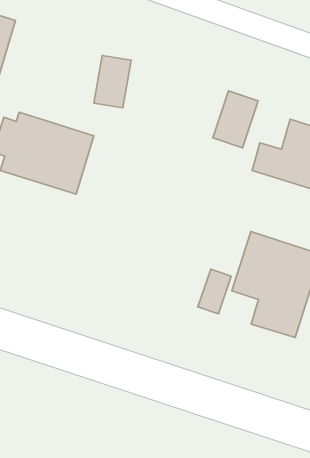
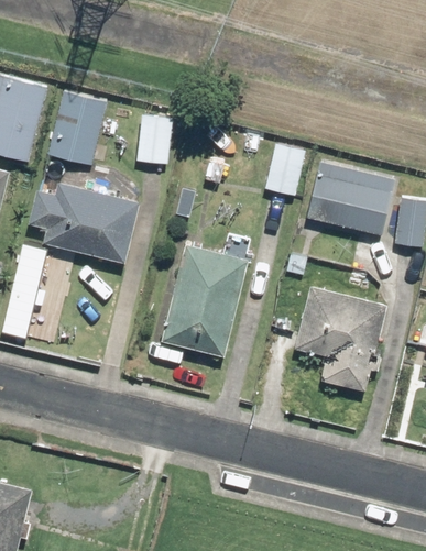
building: none -> [42,86,111,172]
building: none -> [163,244,247,355]

